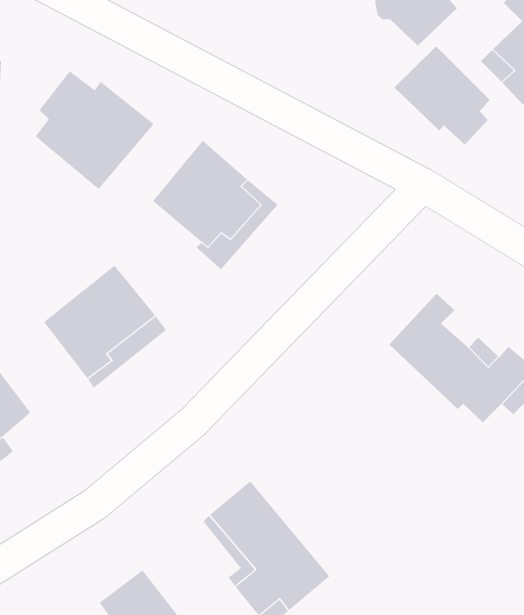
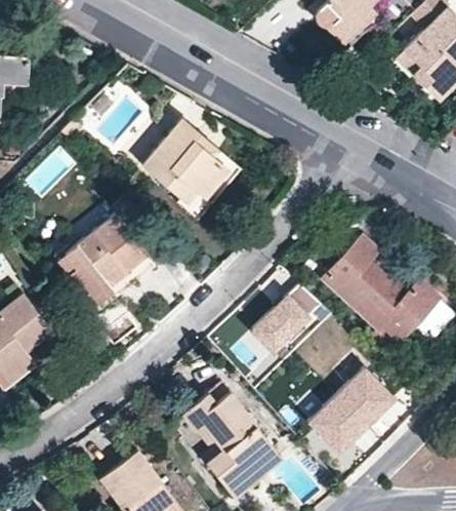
building: [394,45,490,146] -> none
building: [35,71,154,190] -> none
building: none -> [255,283,322,353]
building: none -> [307,366,395,451]

